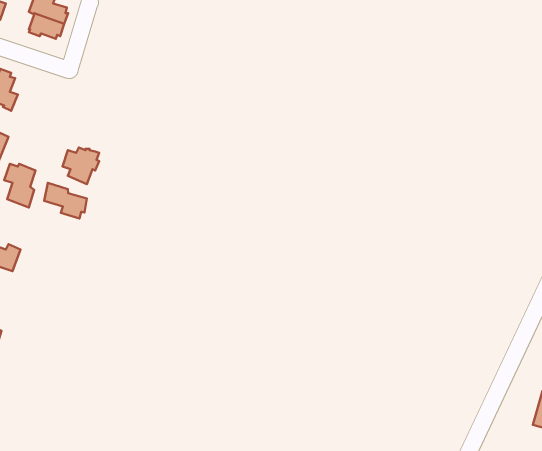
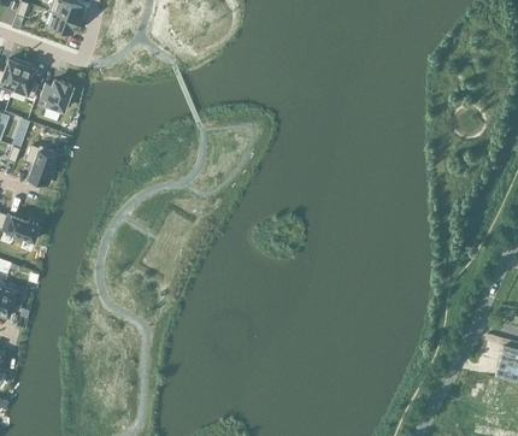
building: [62,147,99,184] -> [40,81,72,113]
building: [44,183,87,218] -> none

